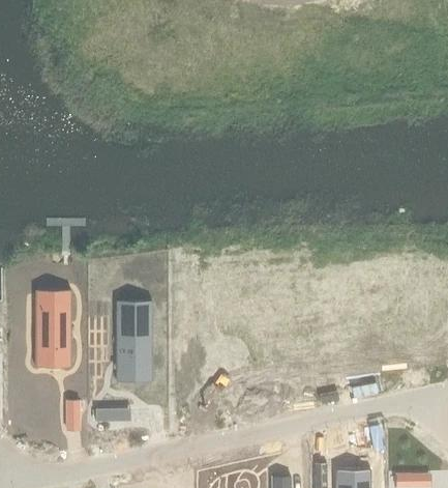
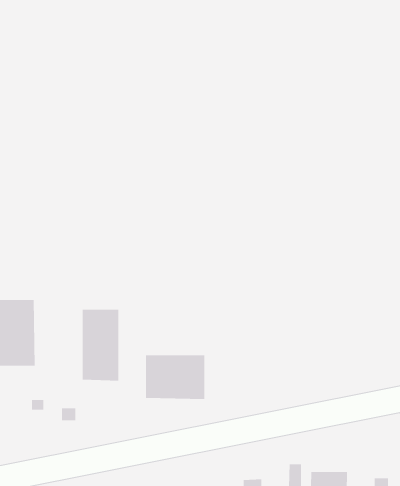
building: none -> [145,354,205,400]

